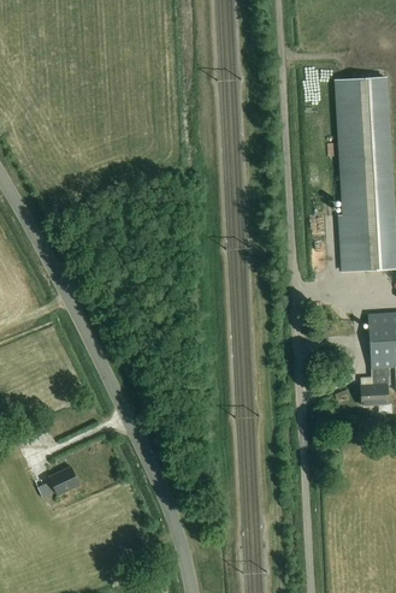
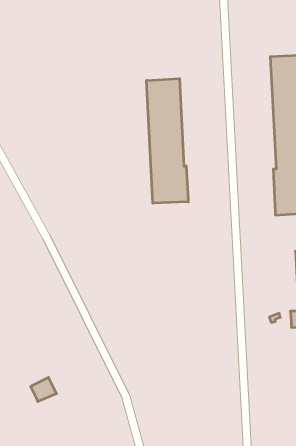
building: none -> [147,79,188,203]

